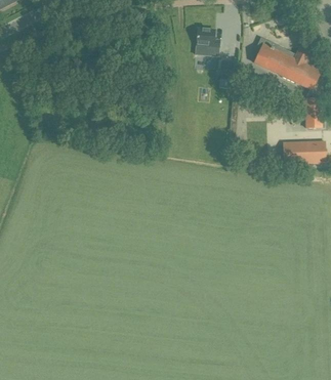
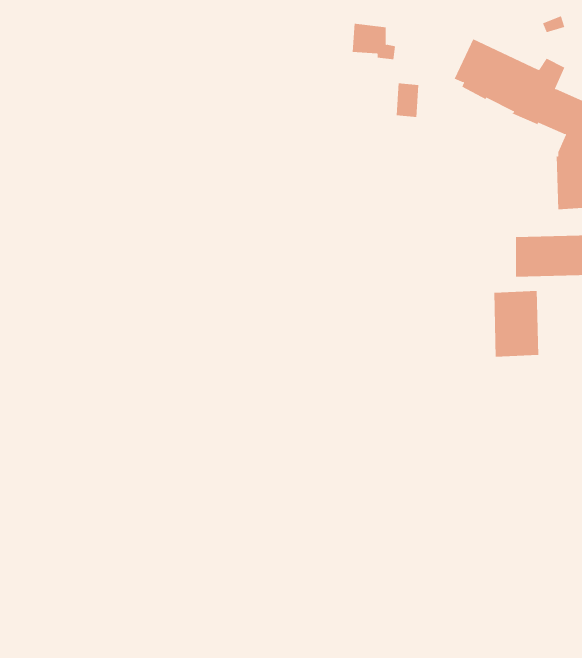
building: none -> [494,290,539,358]

